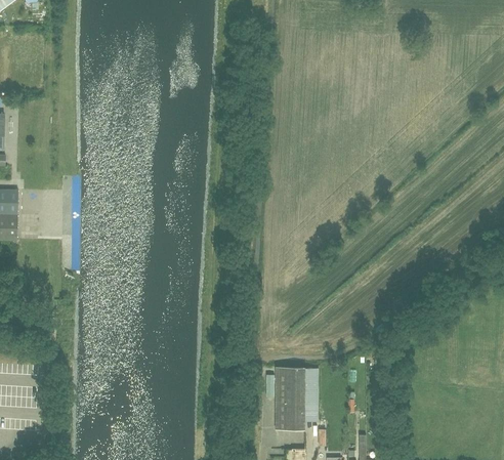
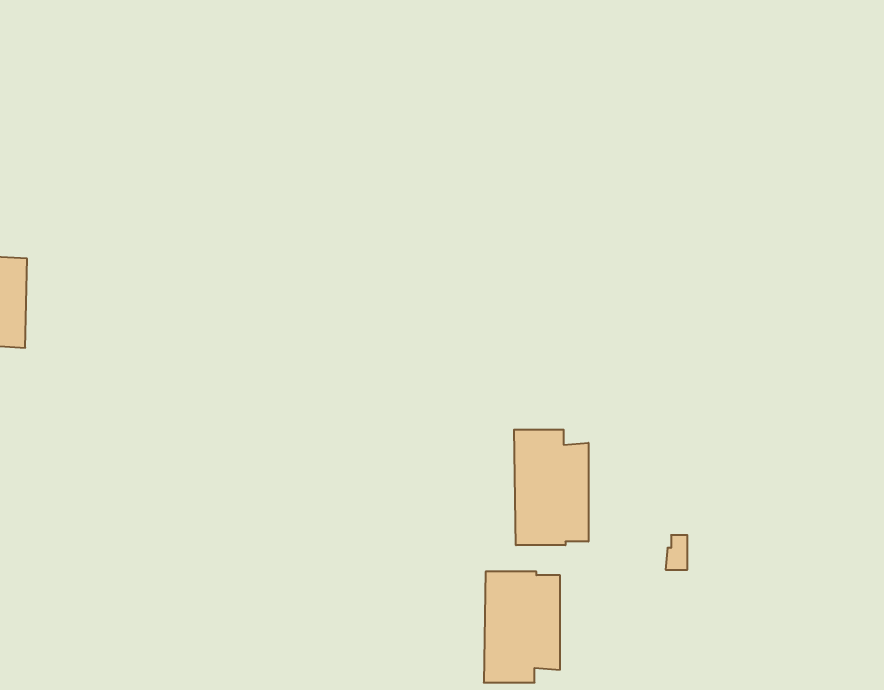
building: none -> [514,430,588,545]

